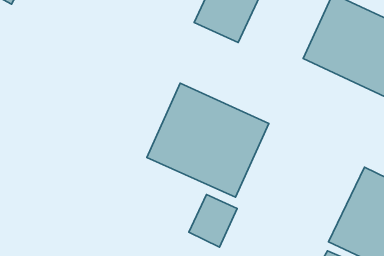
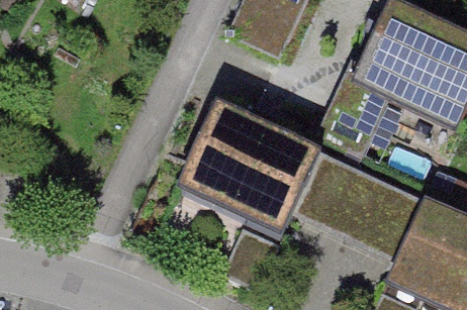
building: none -> [292,154,411,259]

